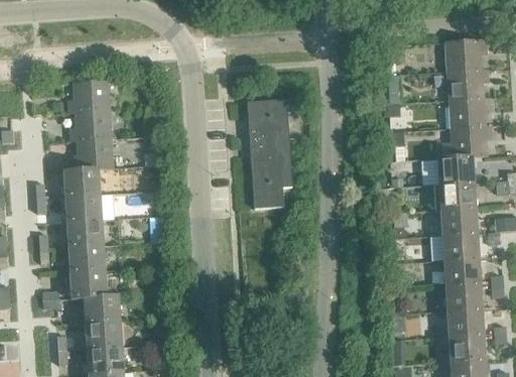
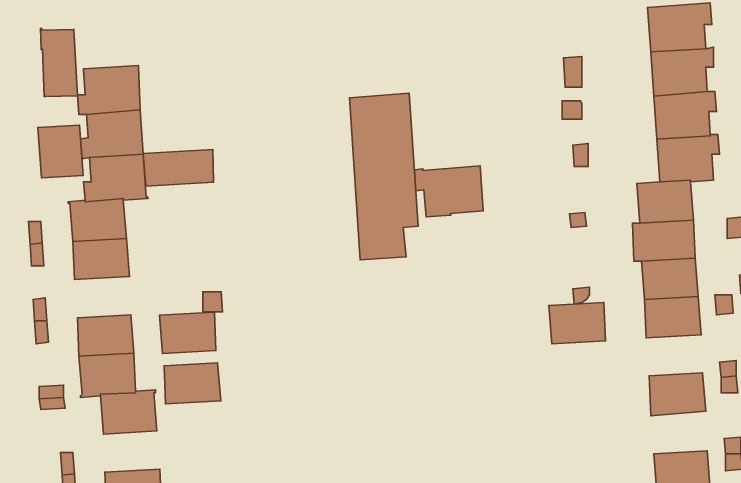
building: none -> [40,28,77,97]
building: none -> [38,125,83,178]
building: none -> [143,150,213,186]
building: none -> [415,166,483,217]
building: [67,220,104,247] -> [159,312,216,354]
building: [443,258,481,285] -> [549,302,605,344]
building: [446,308,484,337] -> none
building: [86,322,123,349] -> [164,363,221,404]

